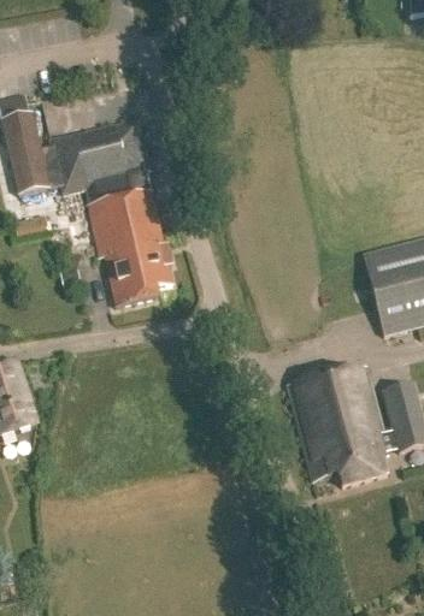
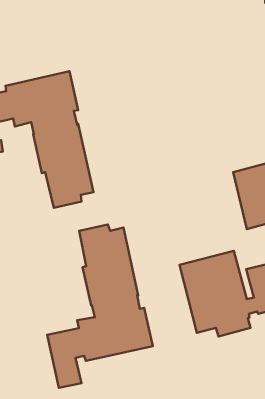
building: none -> [47,224,153,388]

